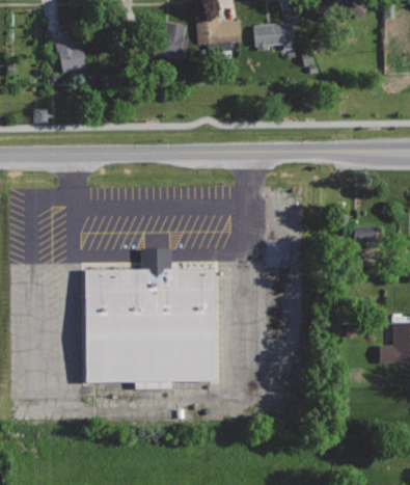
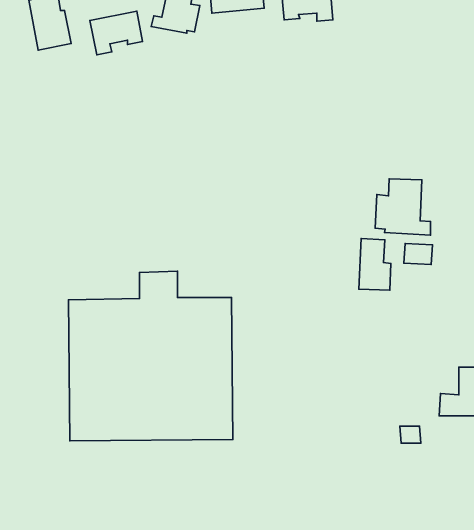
building: none -> [90,11,143,55]
building: none -> [375,179,430,235]
building: none -> [359,238,391,290]

